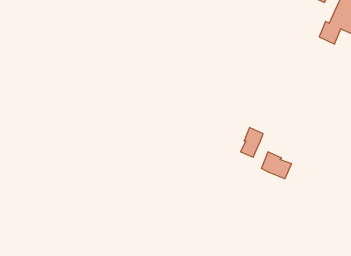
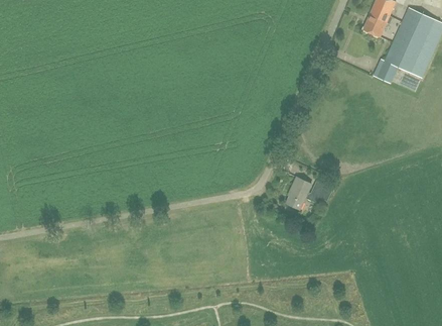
building: [262,152,291,179] -> none

